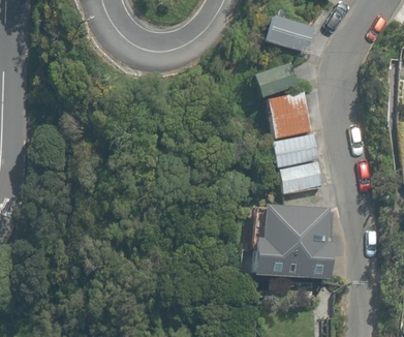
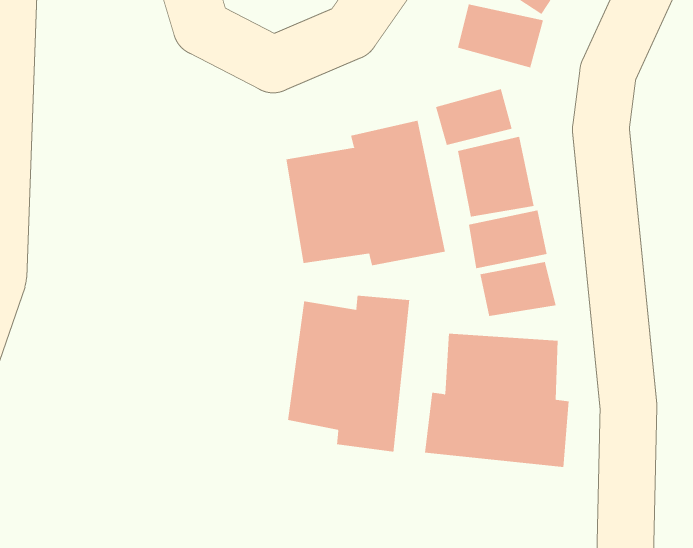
building: none -> [286,120,446,266]
building: none -> [288,295,410,452]

